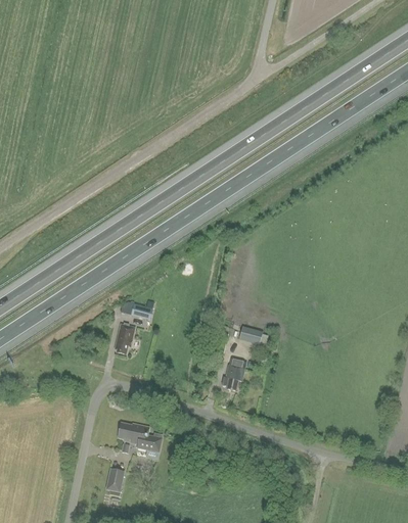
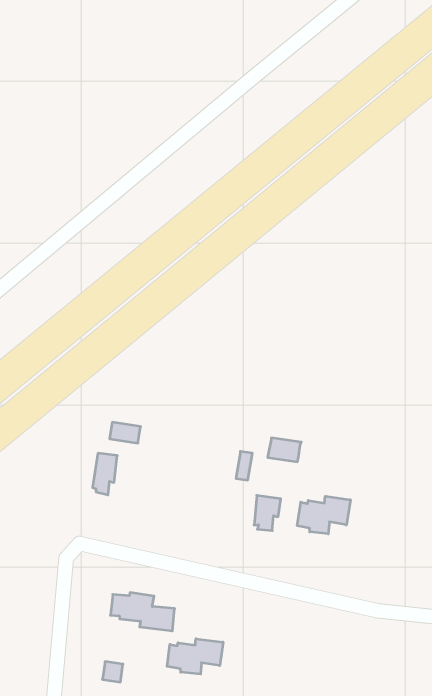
building: none -> [297,496,350,534]
building: none -> [167,639,223,674]

